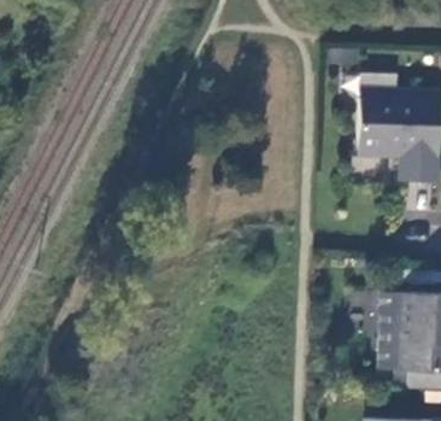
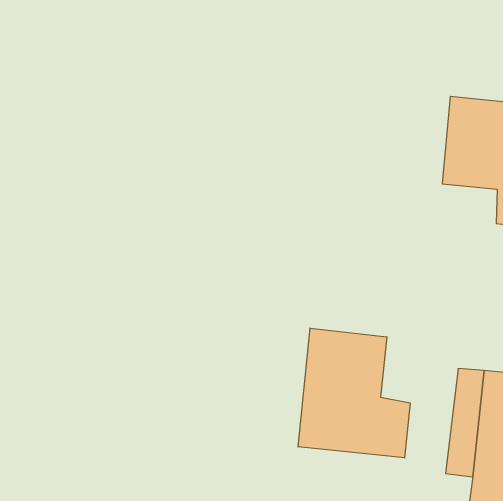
building: none -> [298,328,410,458]

